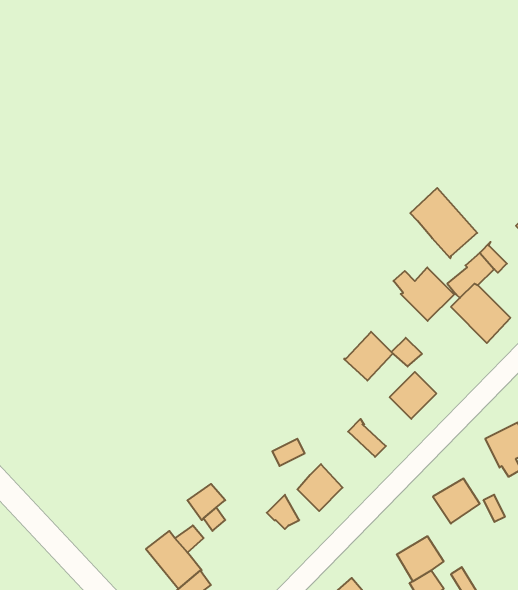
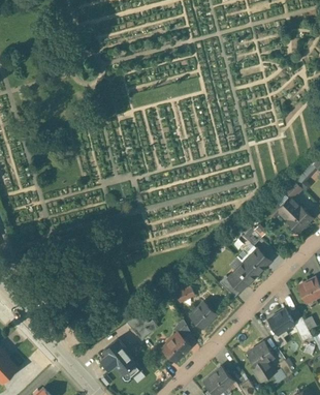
building: [410,188,477,258] -> none
building: [393,267,454,321] -> none
building: [344,332,393,381] -> [227,263,255,291]
building: none -> [162,333,191,361]

